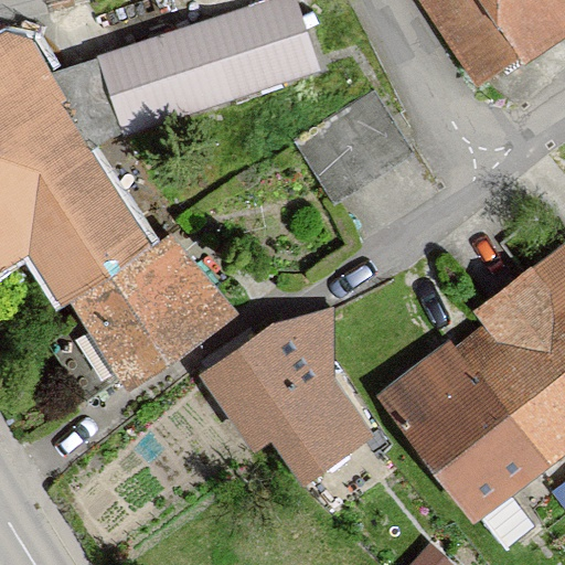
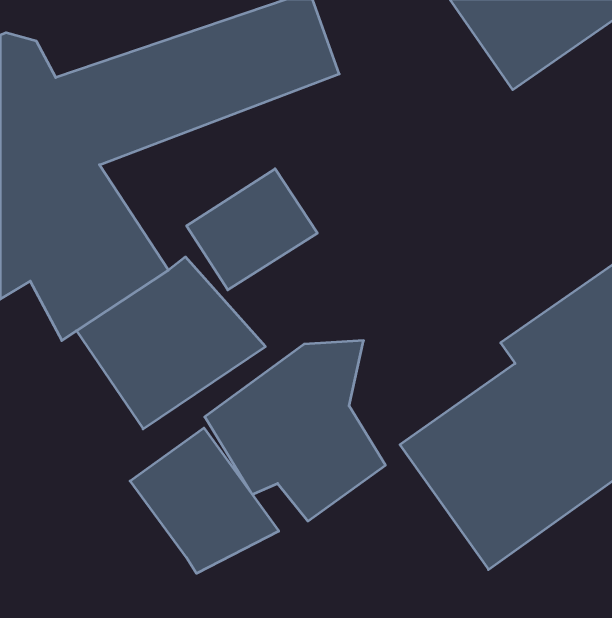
building: [294,94,413,204] -> [187,169,317,290]
building: none -> [130,428,279,573]

